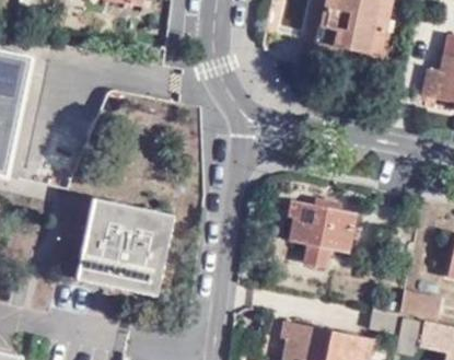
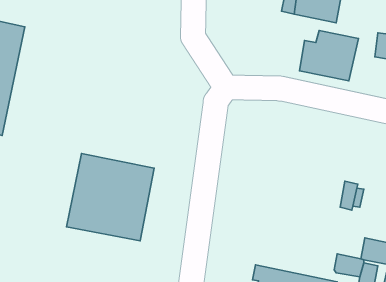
building: none -> [300,31,358,81]
building: [292,199,360,268] -> none

